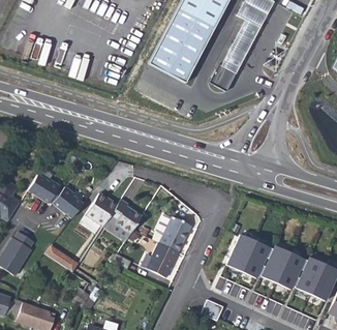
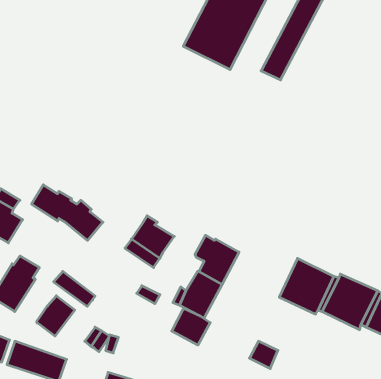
building: [86,192,118,224] -> none
building: none -> [37,296,75,336]
building: none -> [172,308,210,345]

